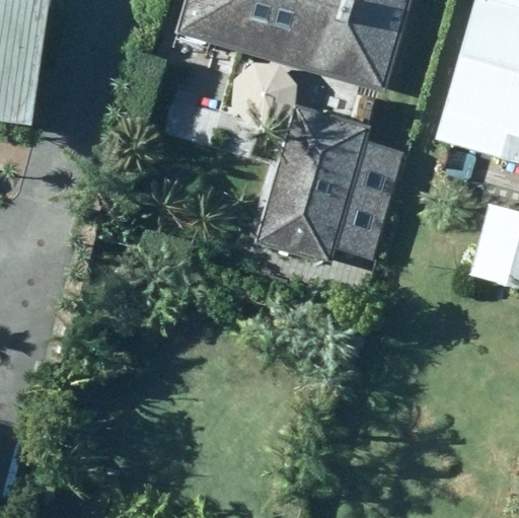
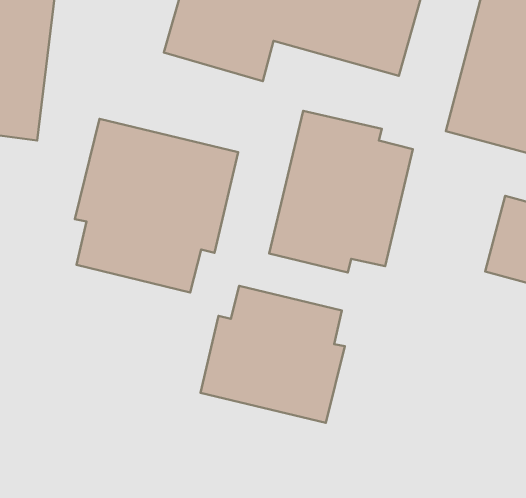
building: none -> [75,119,238,293]
building: none -> [200,286,345,423]

